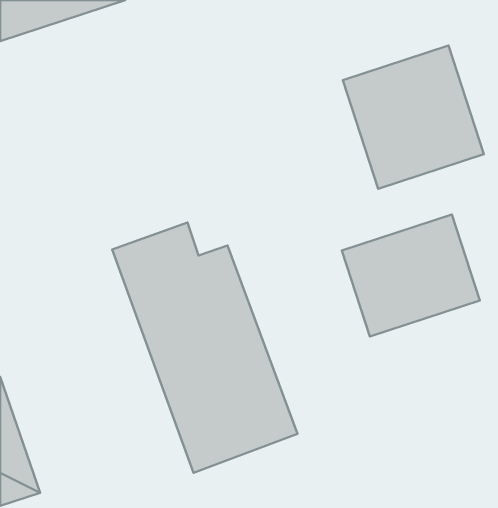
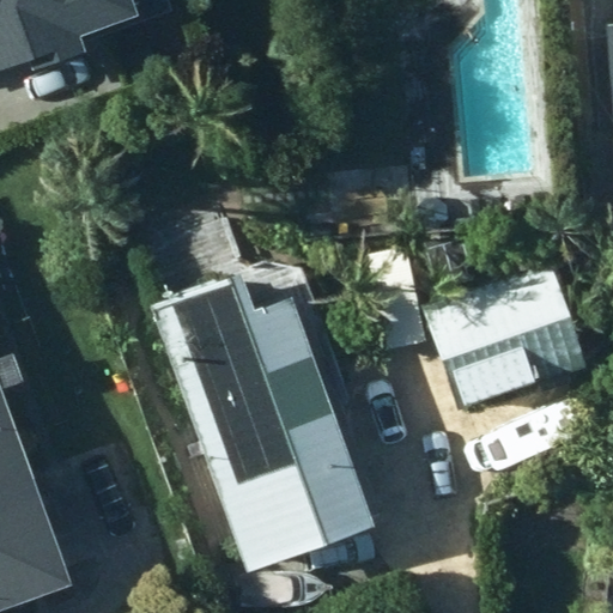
building: [343,46,484,189] -> none

